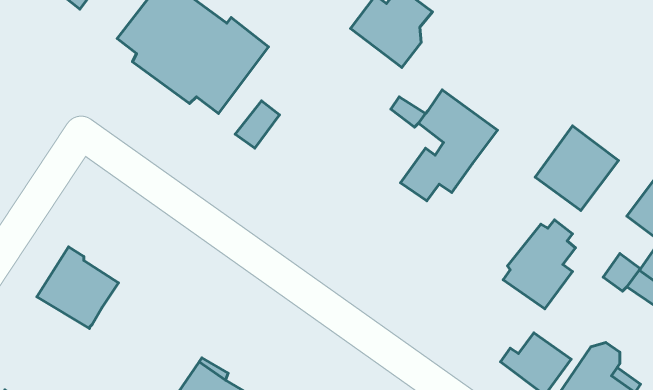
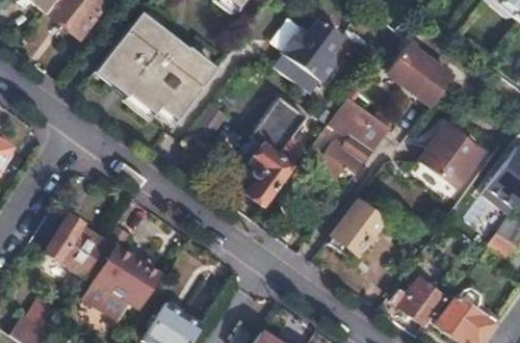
building: none -> [389,45,452,105]
building: none -> [248,96,307,206]
building: [503,220,575,309] -> [331,197,385,264]
building: none -> [85,233,155,316]

